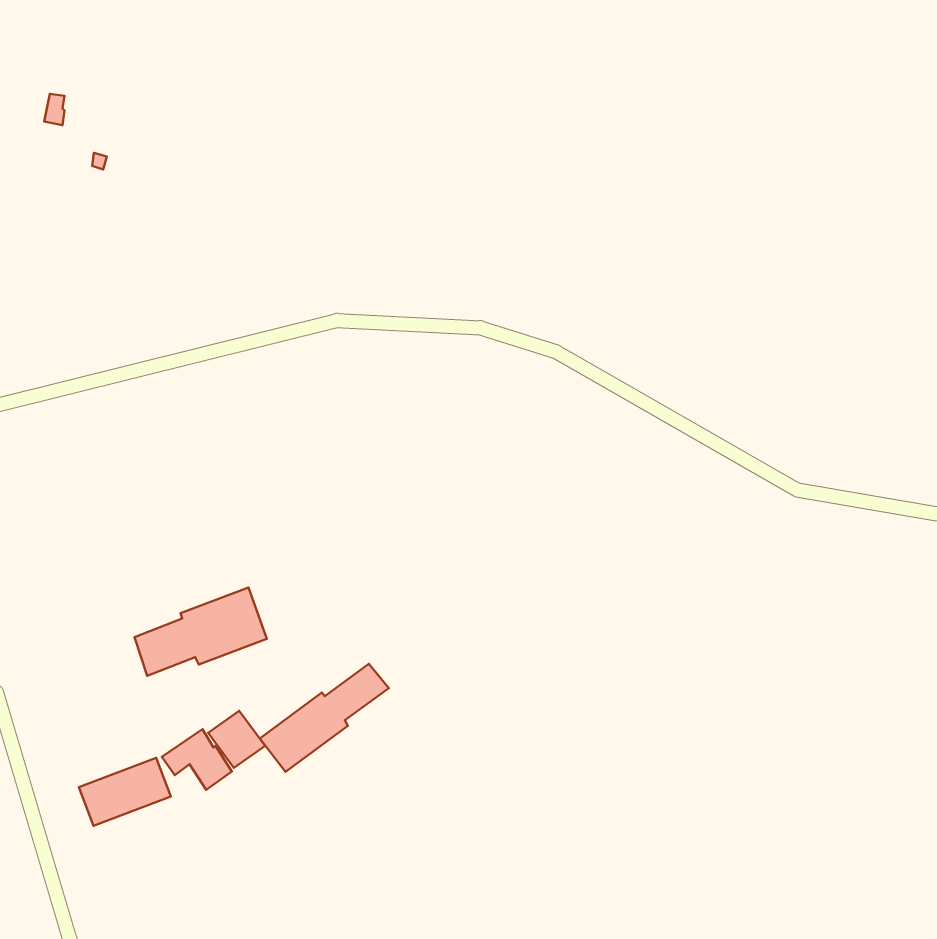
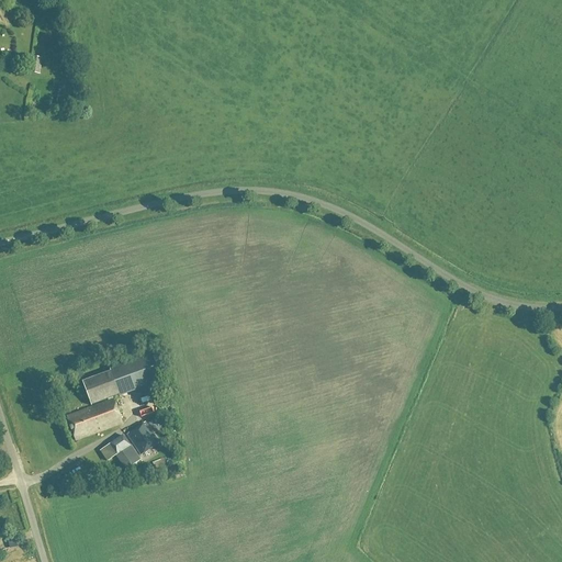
building: [260,664,389,772] -> none
building: [79,758,171,826] -> [66,398,121,439]

